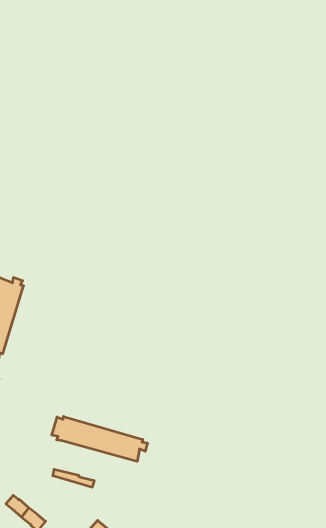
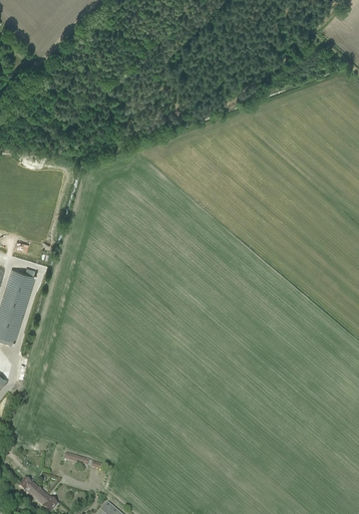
building: [52,416,147,461] -> none

